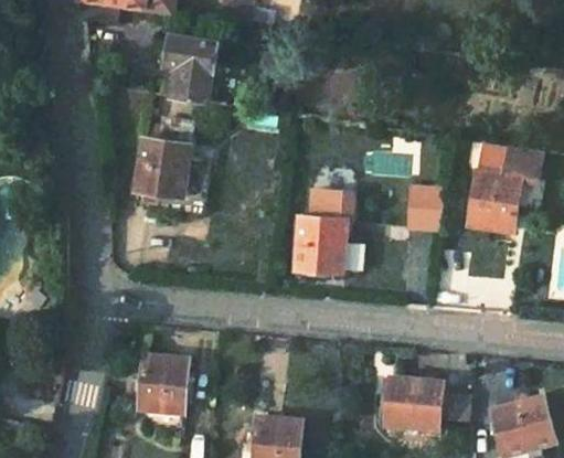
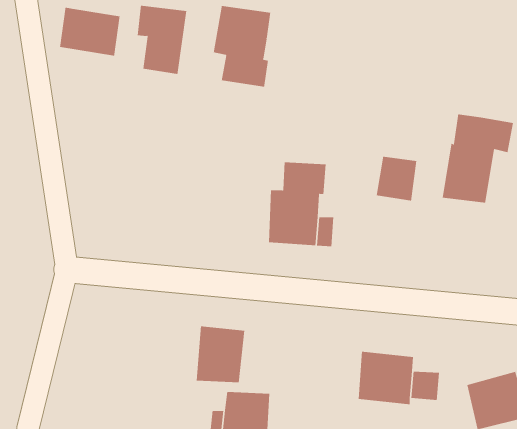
building: none -> [213,5,271,88]
building: none -> [60,7,120,57]
building: [134,138,188,196] -> none
building: [137,355,185,412] -> [196,326,245,383]

